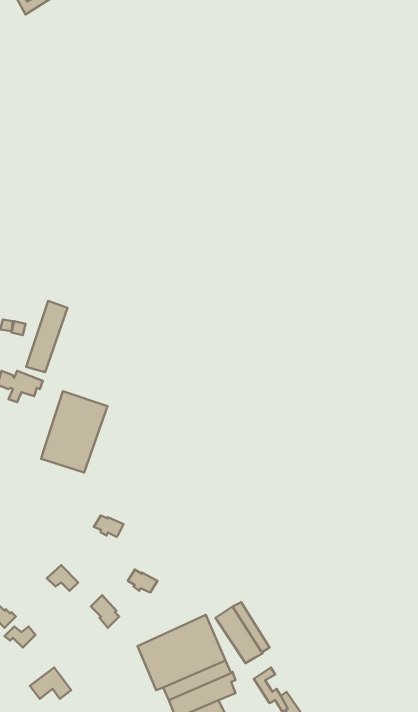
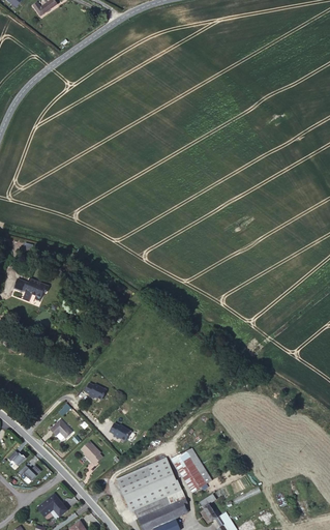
building: [26,301,67,372] -> none
building: [41,391,108,472] -> none

